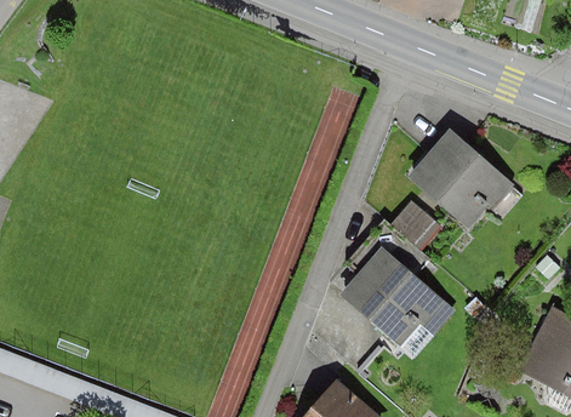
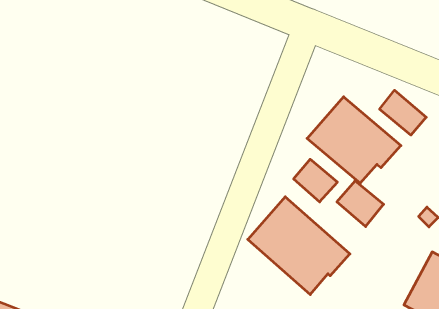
building: none -> [380,90,426,135]
building: none -> [337,181,384,227]

